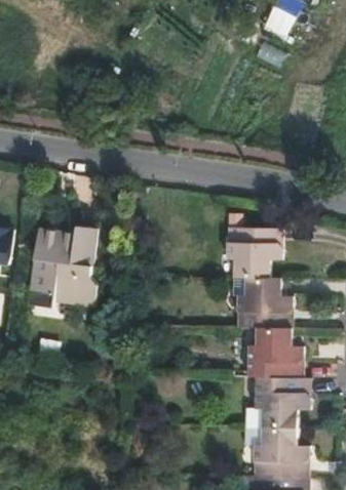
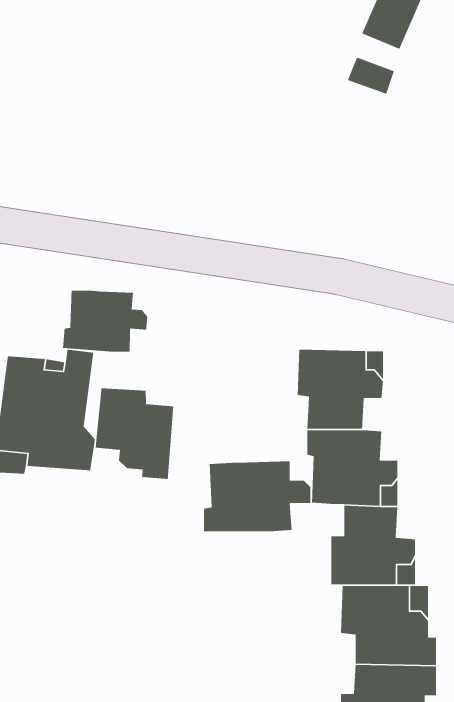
building: none -> [62,290,148,352]
building: none -> [95,387,174,480]
building: none -> [203,460,311,532]

